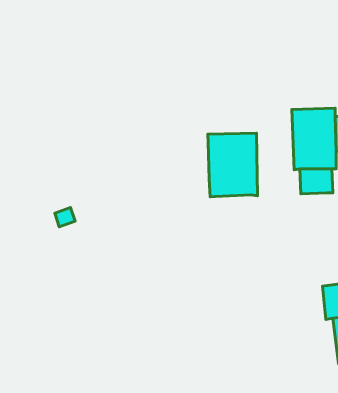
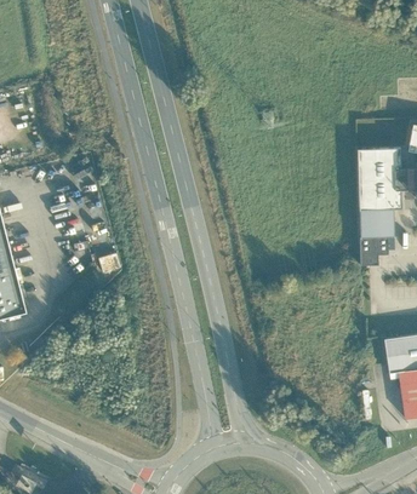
building: [208,133,257,197] -> none
building: none -> [361,237,389,266]

